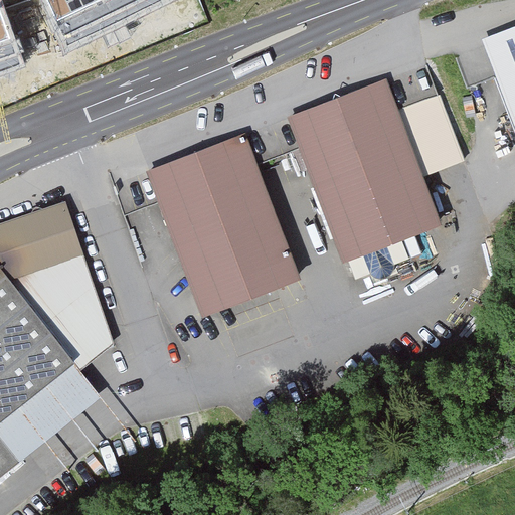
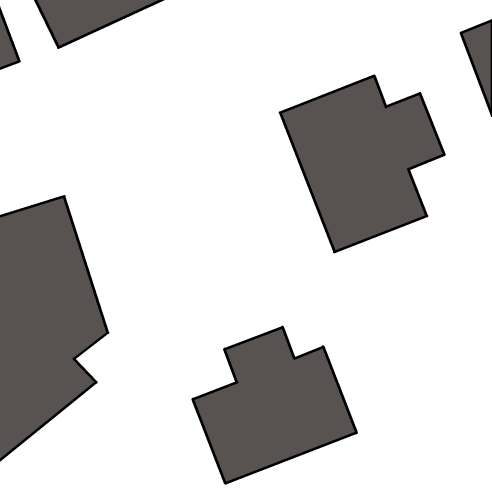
building: [147,134,302,318] -> none
building: none -> [193,327,356,483]

